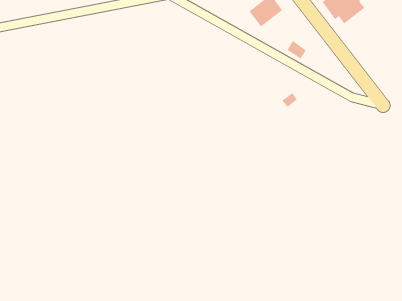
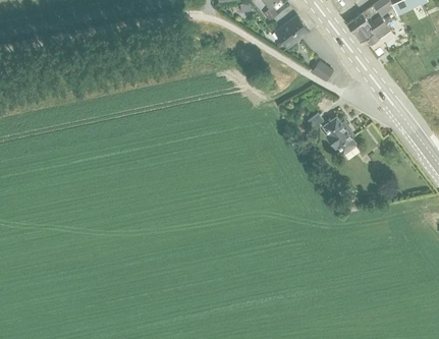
building: none -> [322,116,360,158]

